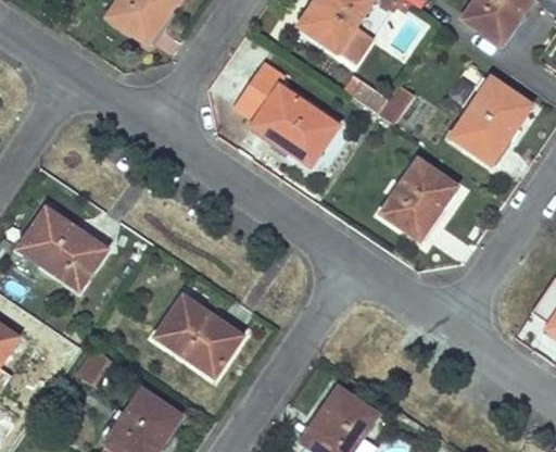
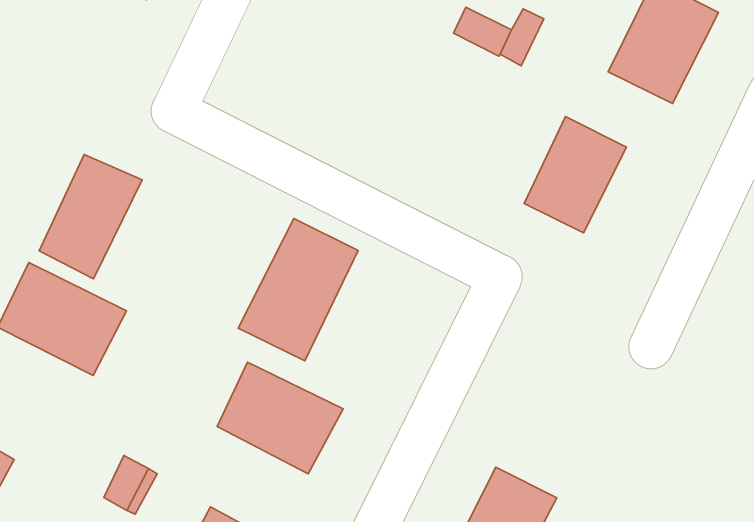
building: [232,66,337,166] -> none
building: none -> [39,155,142,279]
building: none -> [238,218,358,361]

